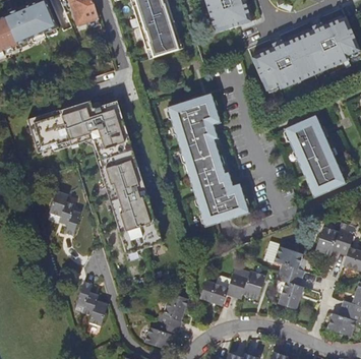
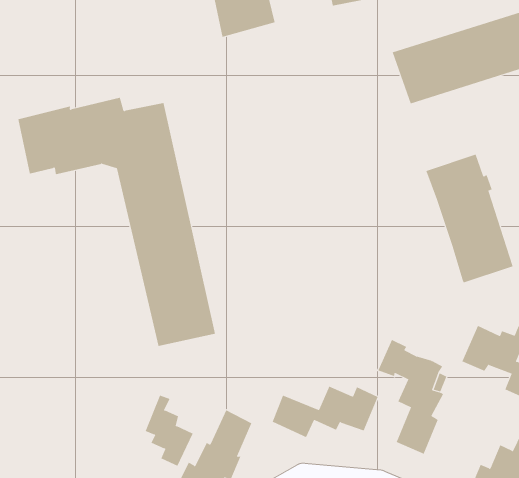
building: [166,94,247,226] -> none
building: [48,188,79,233] -> none
building: [79,279,110,322] -> [145,395,194,466]

